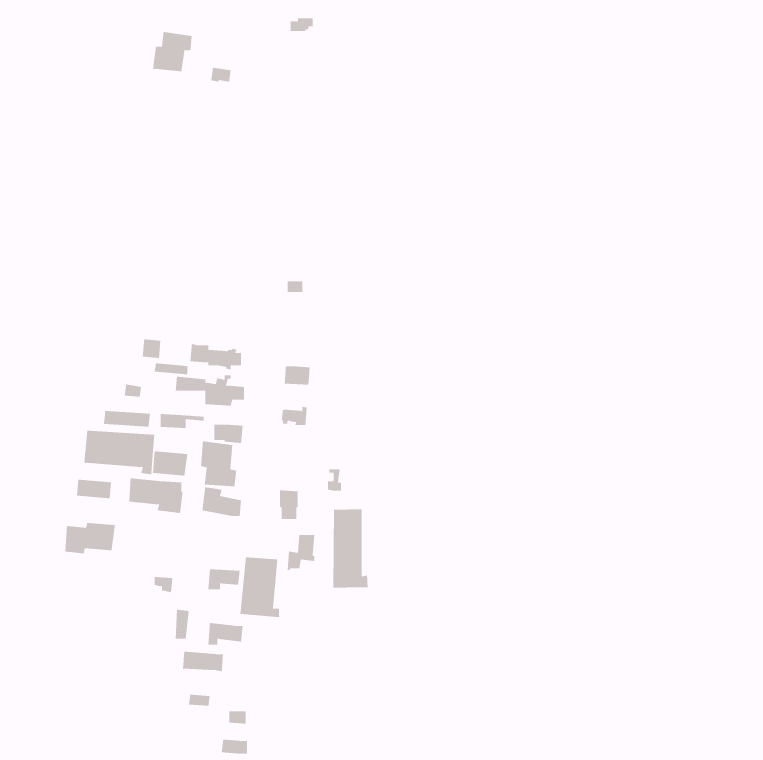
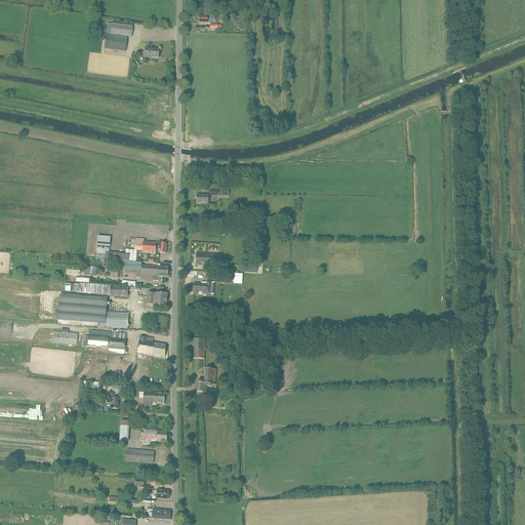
building: [200,441,237,487] -> none
building: [333,509,368,588] -> none
building: [65,522,115,554] -> none
building: [240,557,280,618] -> none

